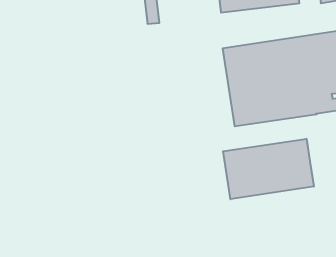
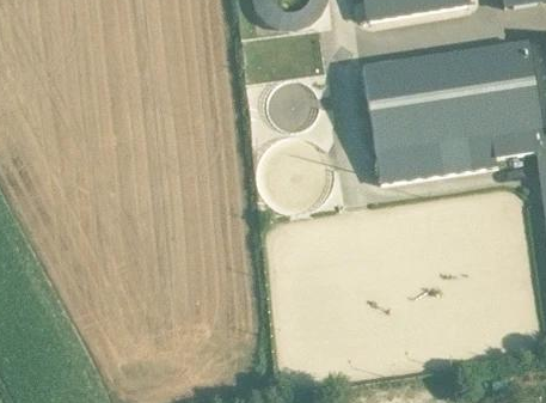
building: [223,139,314,199] -> none

